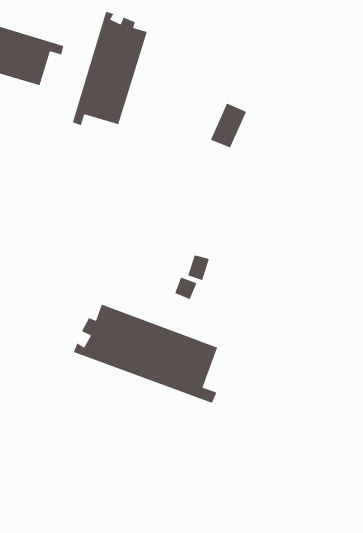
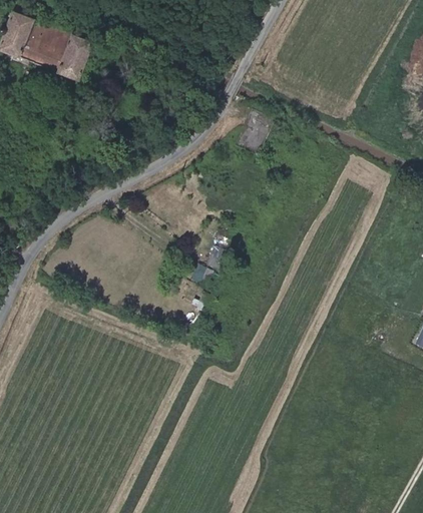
building: [72,11,148,126] -> none
building: [73,304,218,404] -> none

